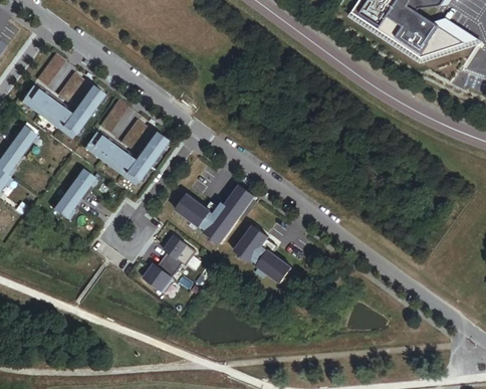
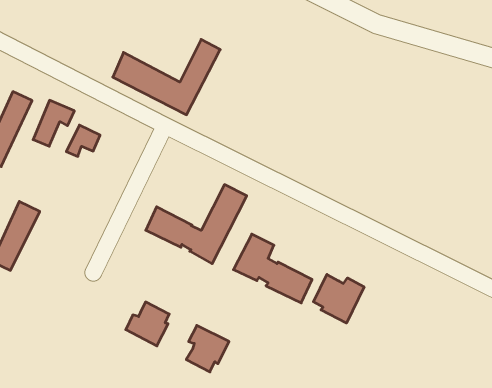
building: [85,133,169,187] -> [113,39,220,115]
building: [164,235,198,271] -> [186,325,229,372]
building: none -> [313,274,364,323]

